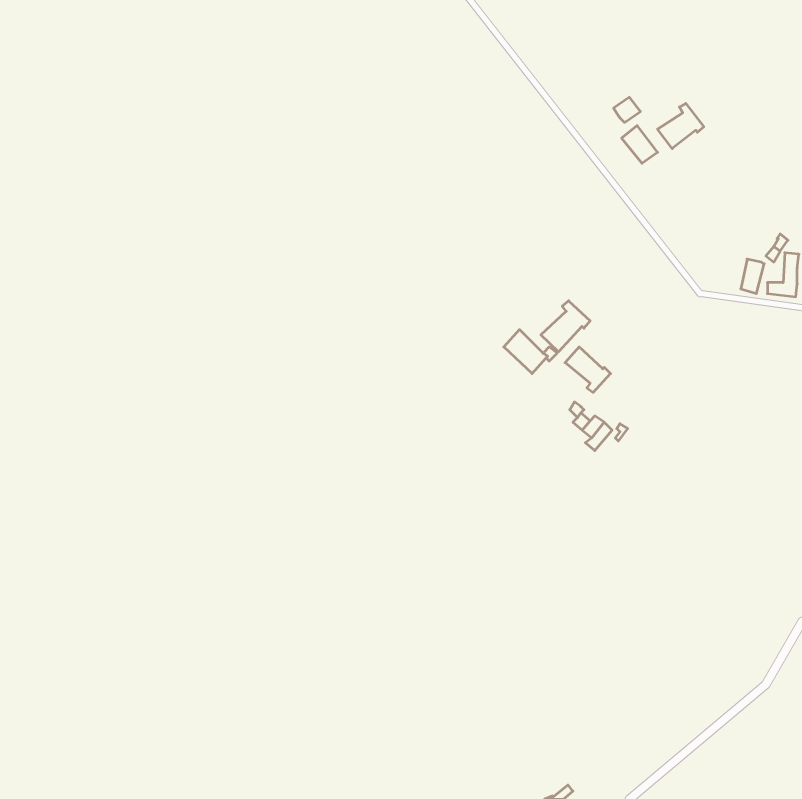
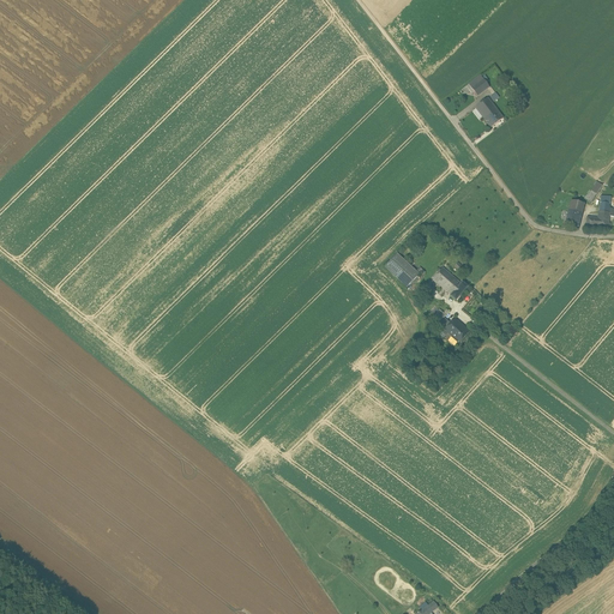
building: [658,103,704,149] -> none
building: [541,301,590,352] -> none

